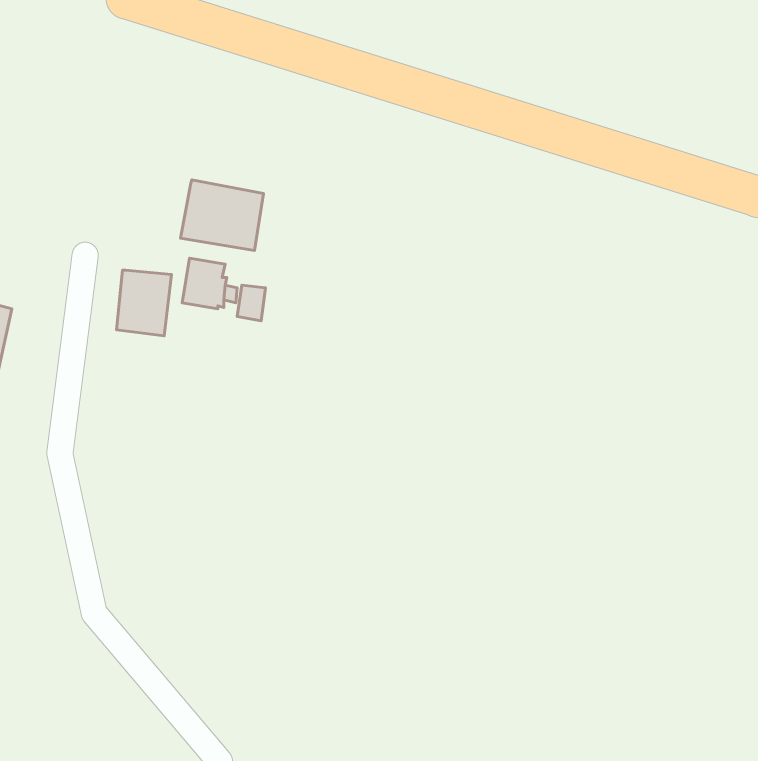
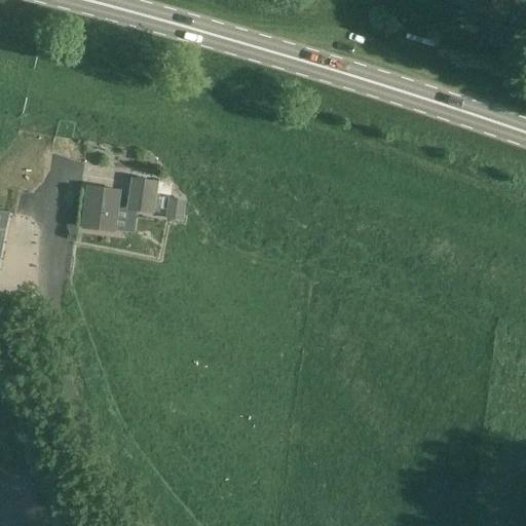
building: [180,180,264,250] -> none

